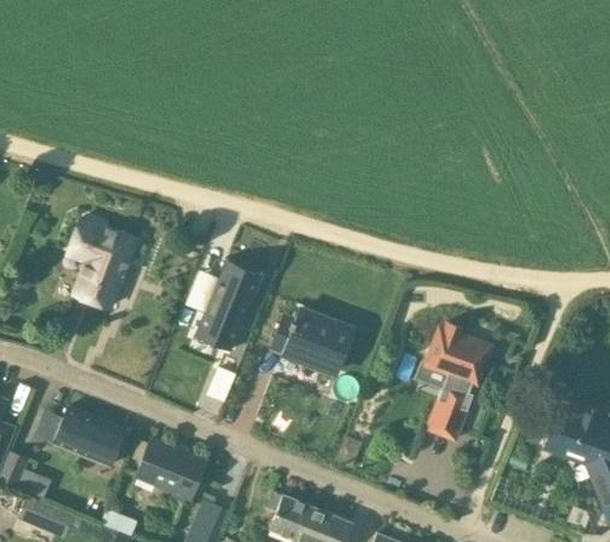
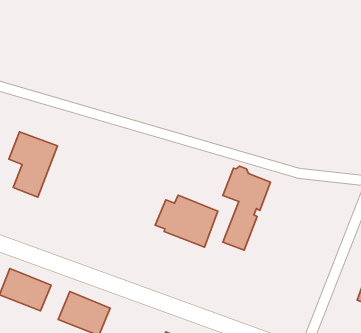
building: [195,264,260,350] -> none
building: [424,325,490,440] -> [223,166,270,250]

